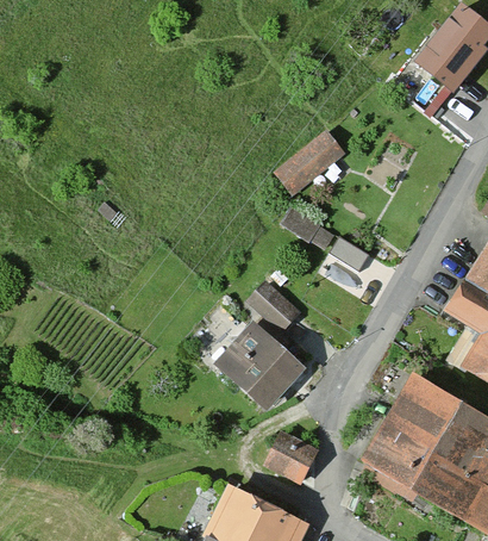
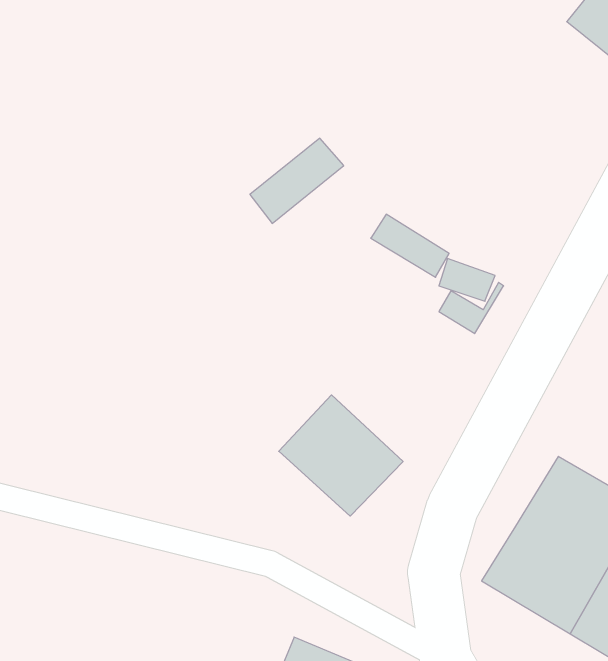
building: [276,133,342,193] -> [250,138,344,223]
building: [245,270,300,324] -> none
building: [265,436,315,483] -> none

